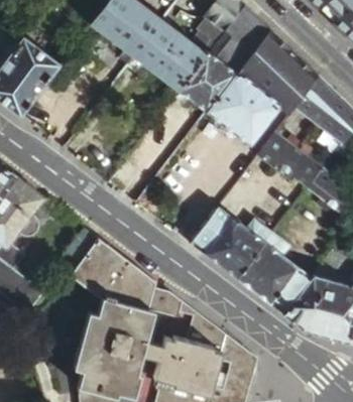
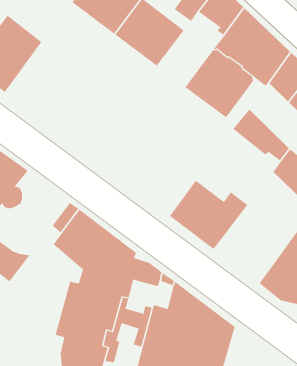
building: [180,52,237,112] -> none
building: [238,234,312,314] -> none

